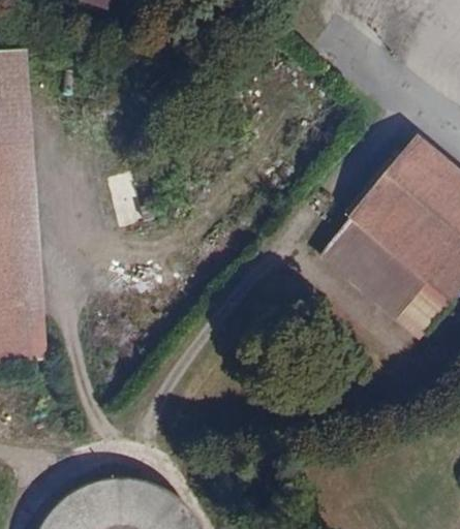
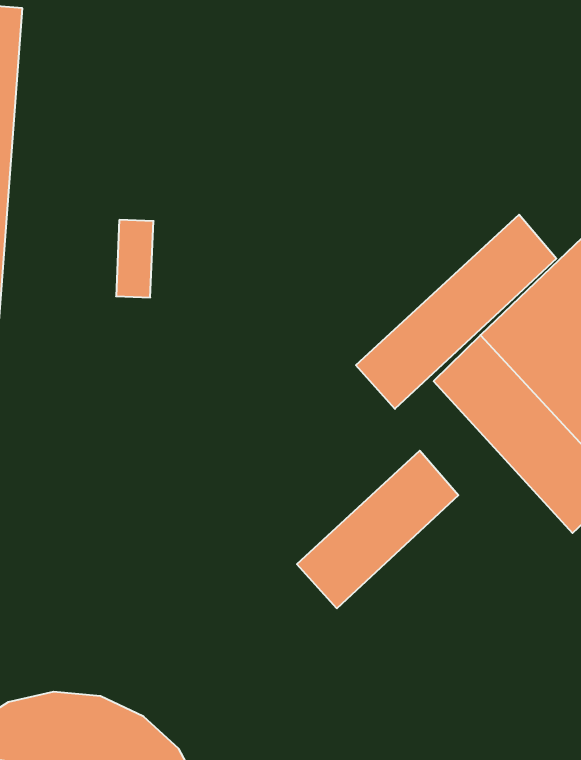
building: none -> [356,215,556,409]
building: none -> [297,451,458,608]

